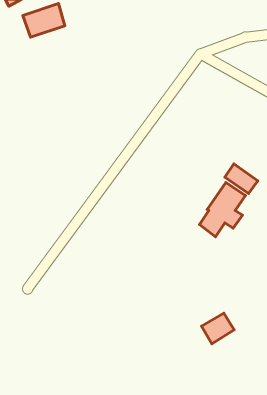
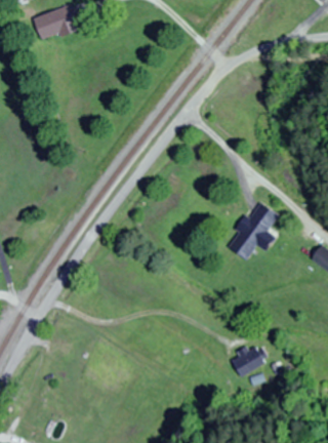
building: [225,164,258,193] -> none

